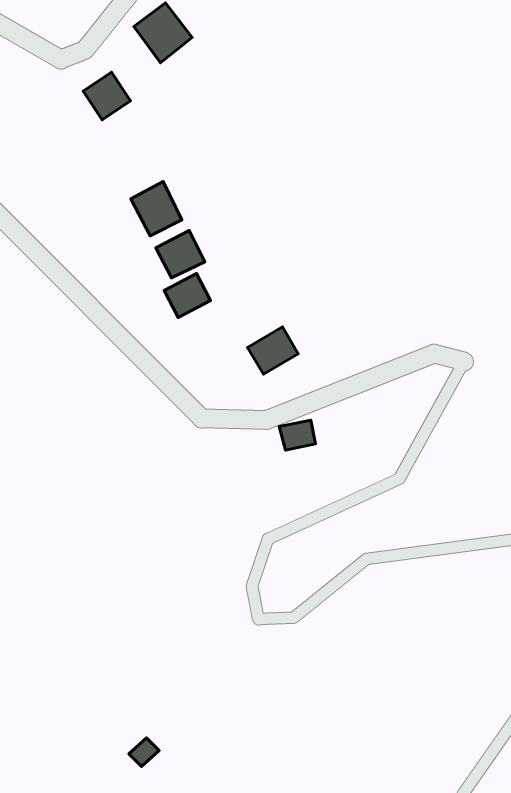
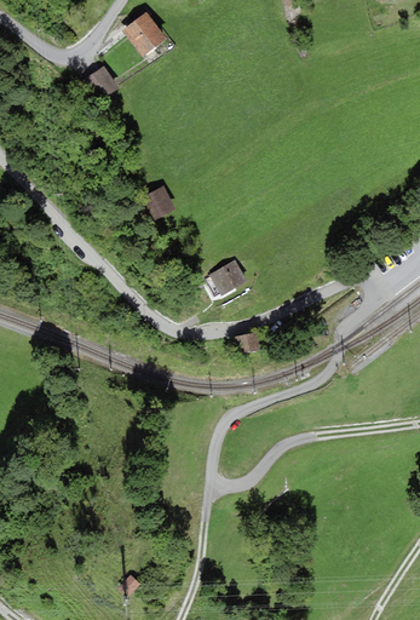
building: [131,182,182,236] -> none
building: [164,274,211,318] -> none

